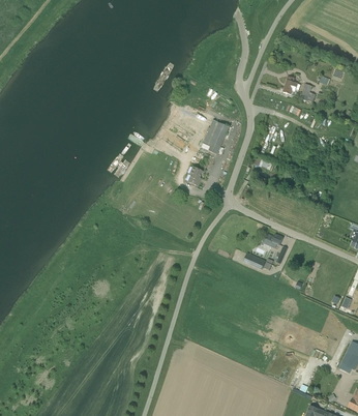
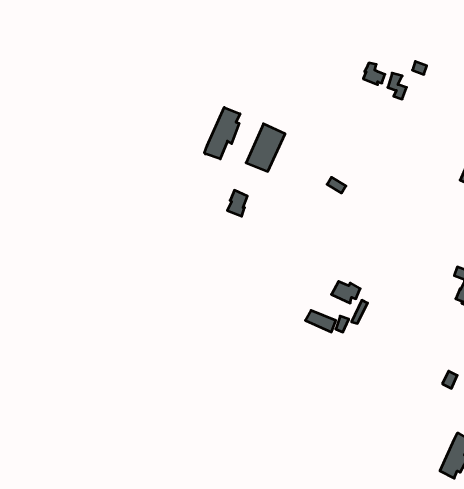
building: none -> [204,107,240,159]

